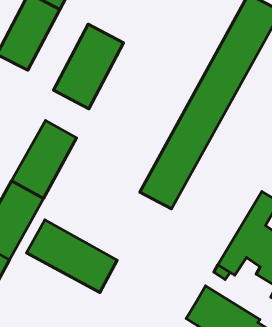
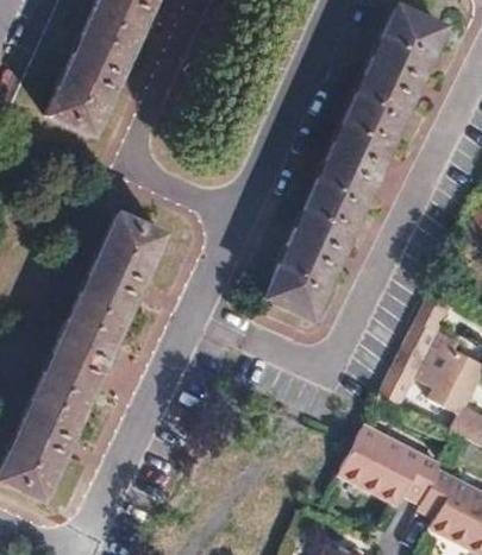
building: [53,24,124,109] -> none
building: [27,220,117,293] -> none

